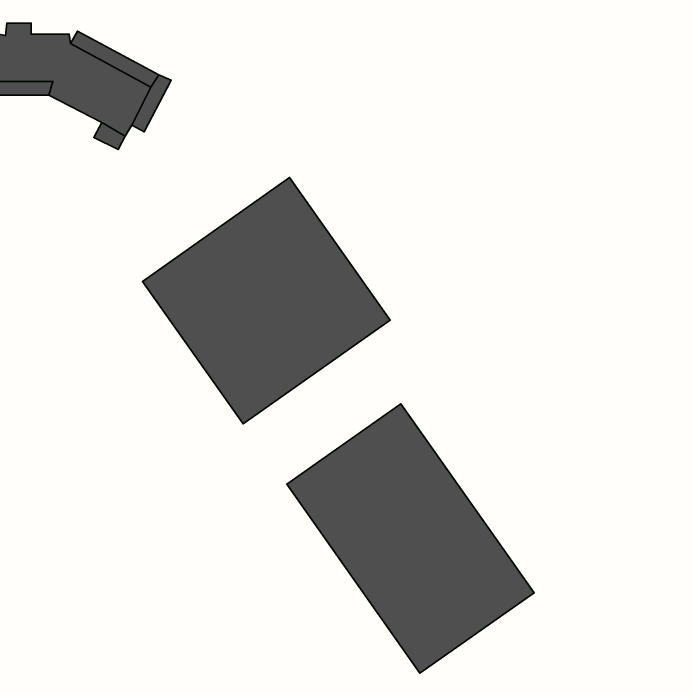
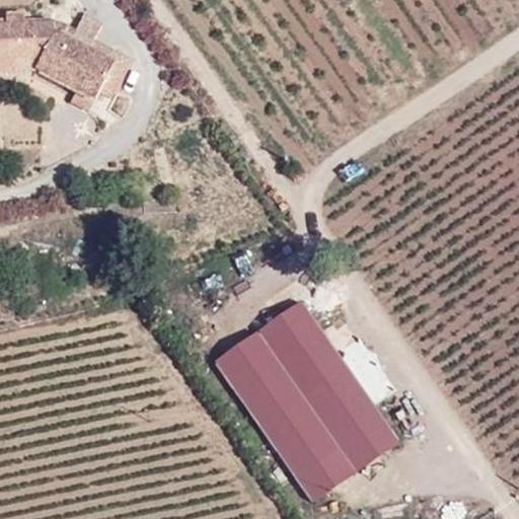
building: [142,178,390,424] -> none

